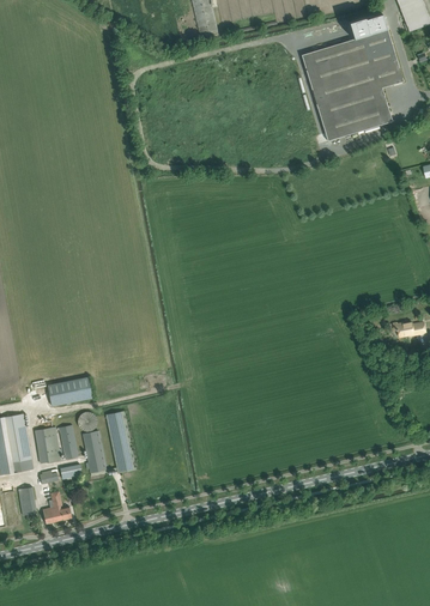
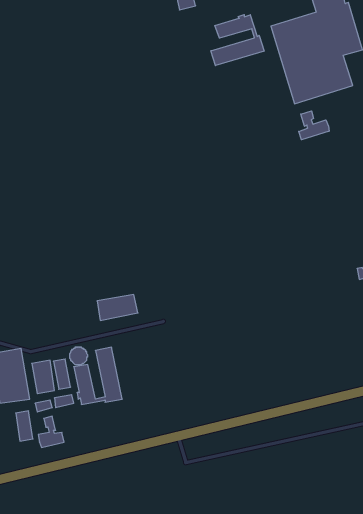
building: none -> [211,15,264,66]
building: none -> [299,111,329,140]
building: [48,377,93,406] -> [97,295,138,320]

